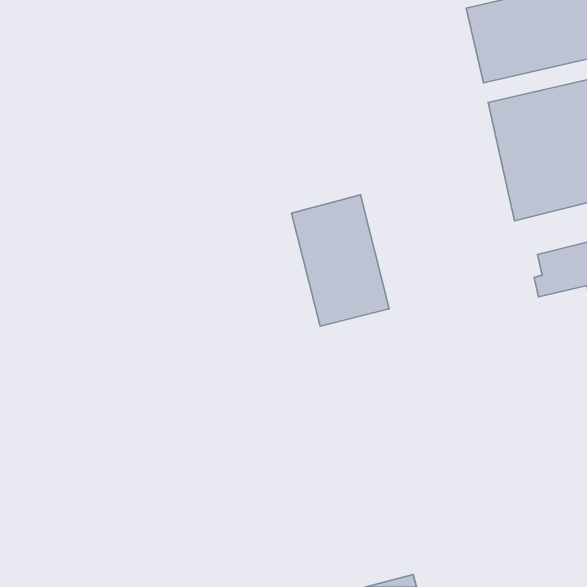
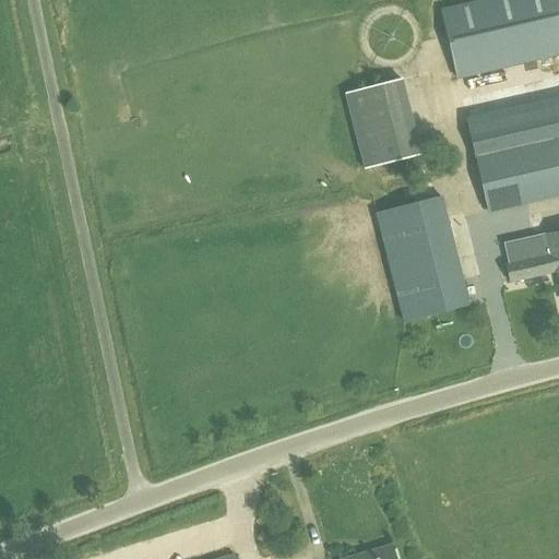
building: none -> [346,81,412,167]
building: [291,195,389,326] -> [377,195,469,320]

